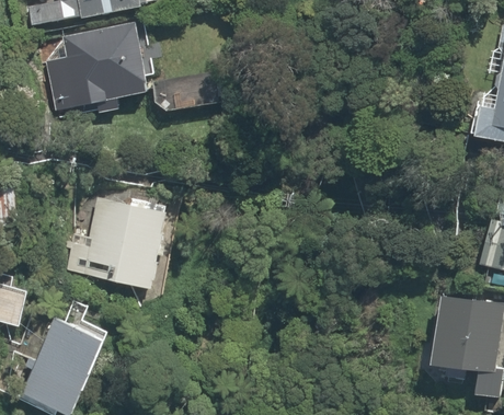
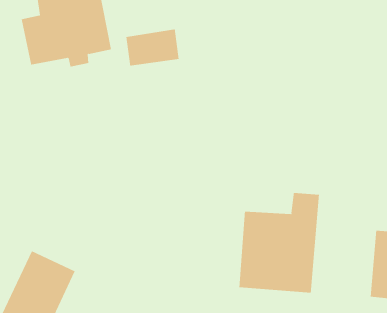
building: [62,194,176,287] -> none
building: none -> [239,192,319,294]

